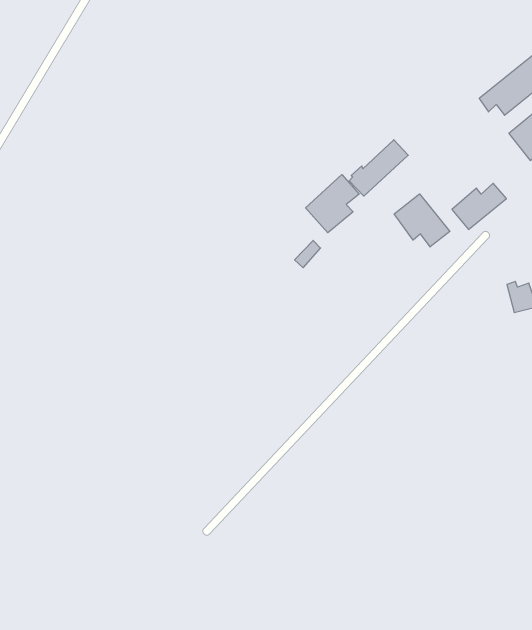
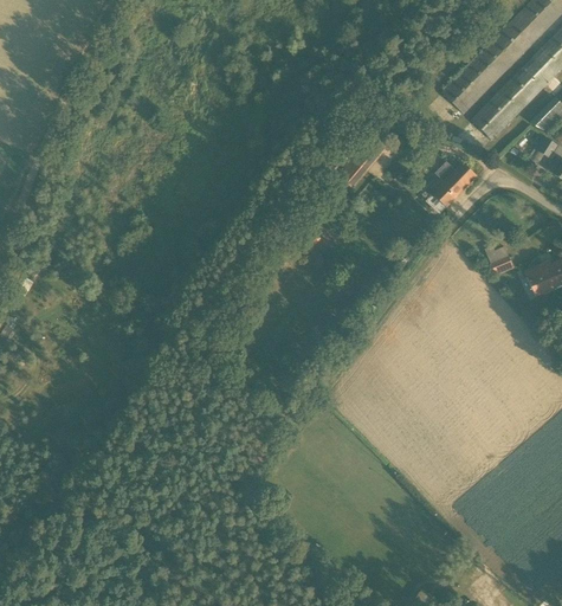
building: [306,175,359,233] -> none
building: [394,194,450,247] -> none

